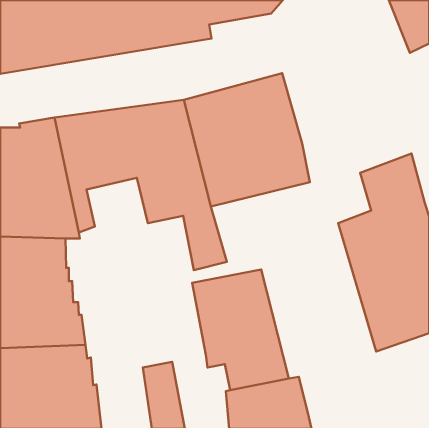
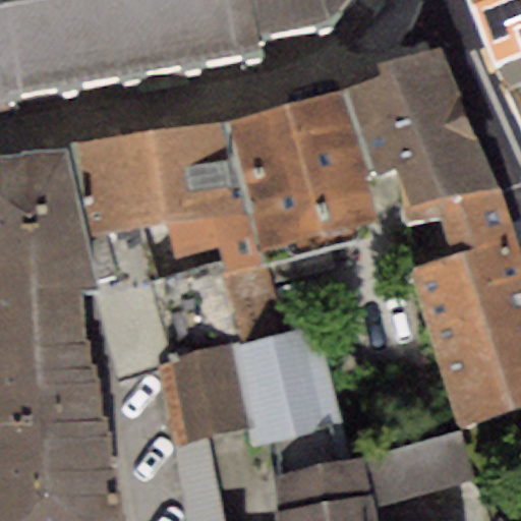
building: none -> [342,47,499,220]
building: none -> [158,344,248,447]
building: none -> [362,430,476,507]

